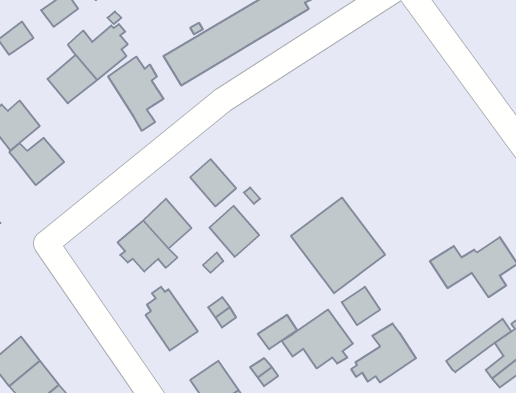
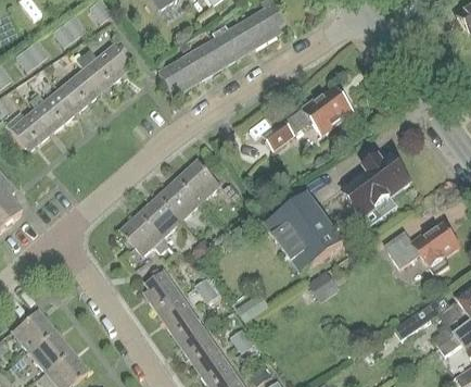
building: [108,57,163,131] -> none
building: none -> [265,87,353,149]
building: [9,138,64,185] -> [30,90,77,130]
building: none -> [343,154,410,216]
building: [209,206,259,257] -> [161,174,203,217]
building: [282,310,353,368] -> none
building: [351,323,416,382] -> none
building: none -> [164,305,205,347]

